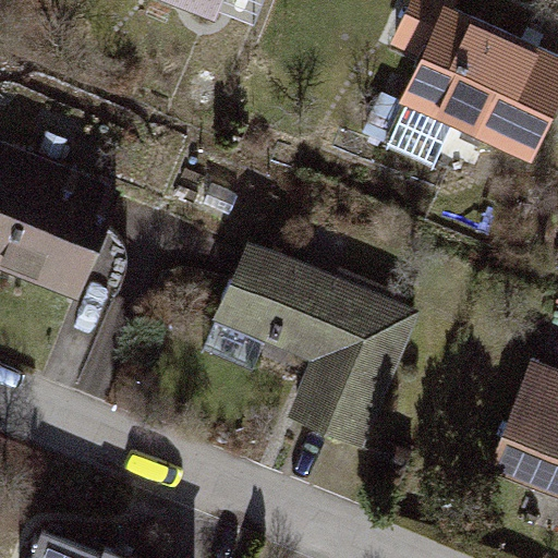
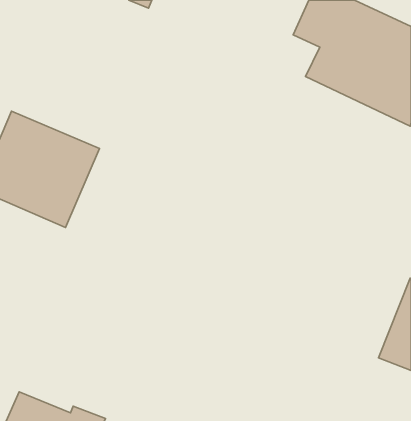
building: [220,244,421,449] -> none

